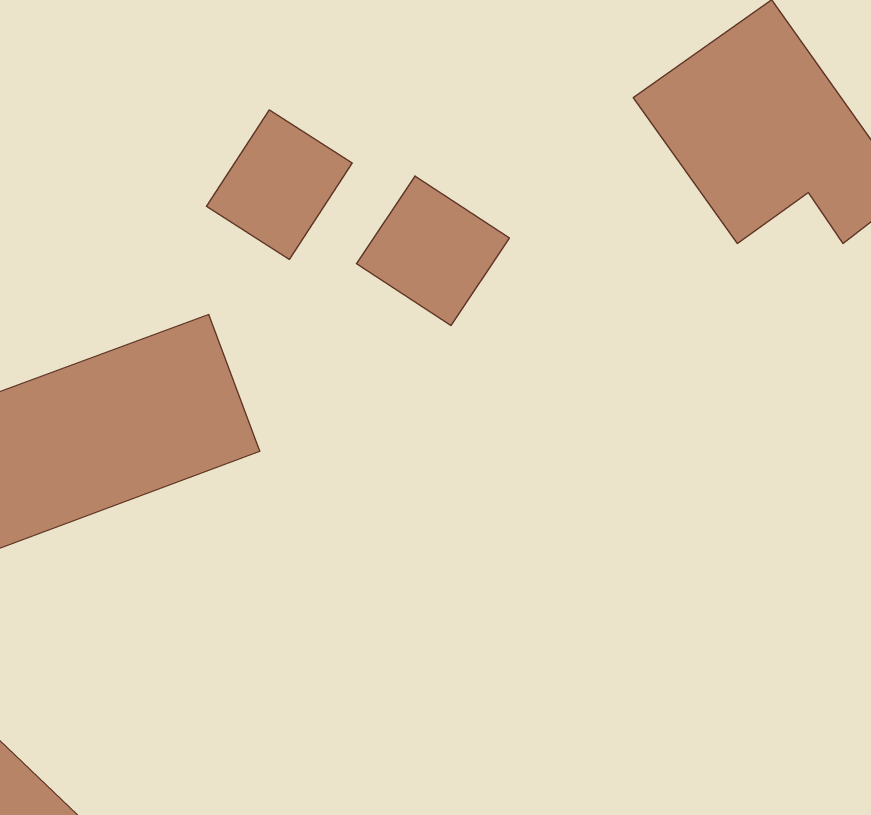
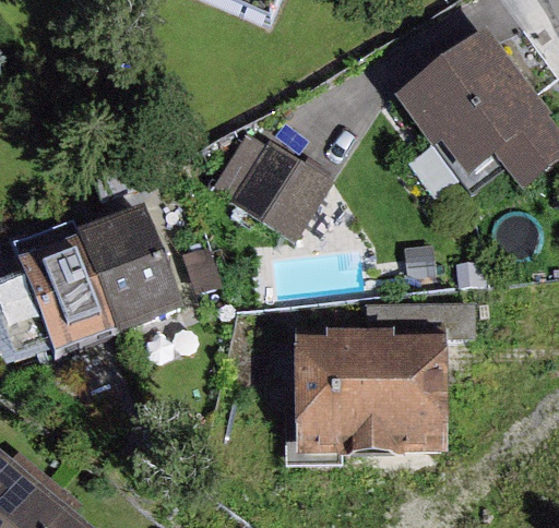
building: [206,110,352,259] -> none
building: none -> [289,338,445,456]

